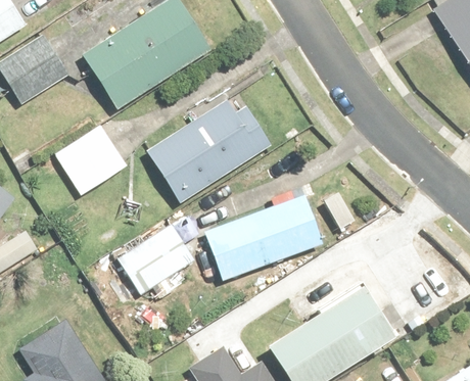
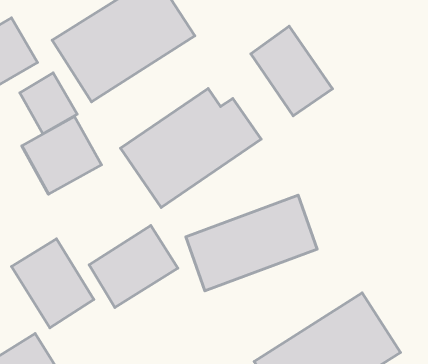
building: none -> [251,26,332,116]
building: none -> [20,73,77,134]
building: none -> [12,239,94,328]

